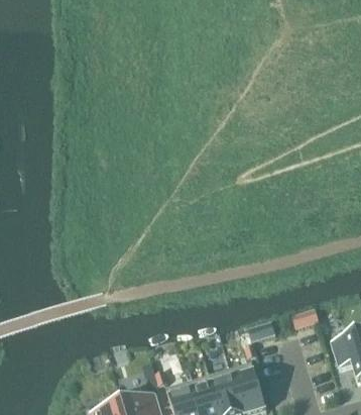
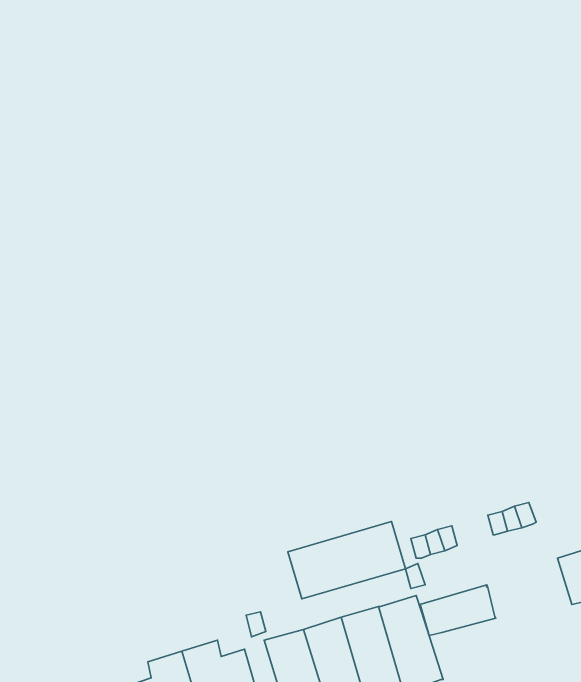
building: none -> [288,522,405,599]
building: none -> [420,585,496,636]

